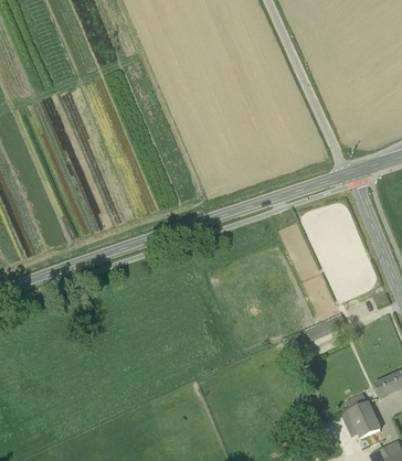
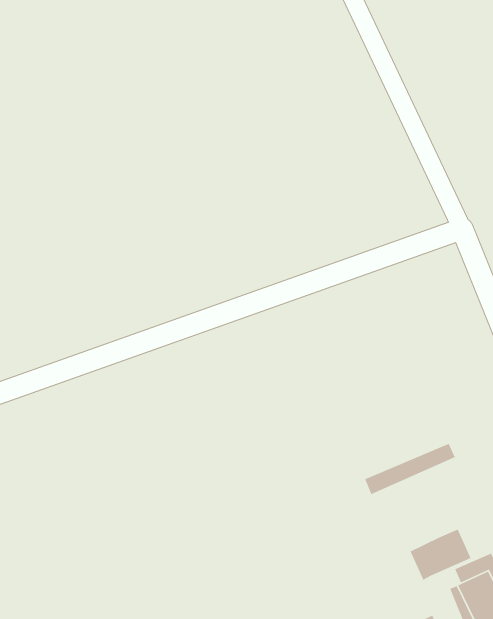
building: none -> [409,529,471,581]

